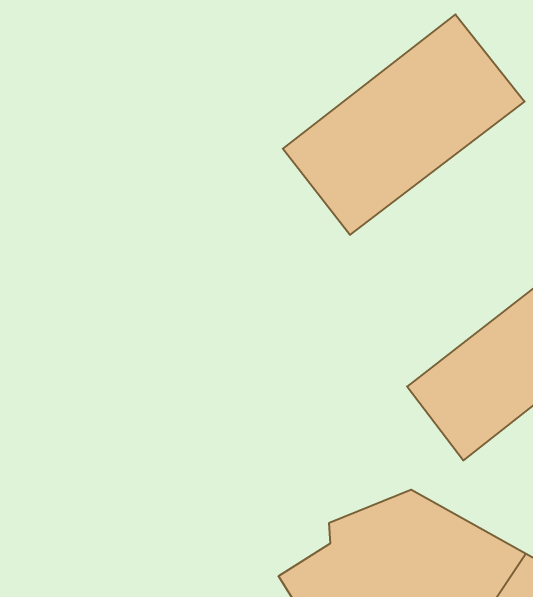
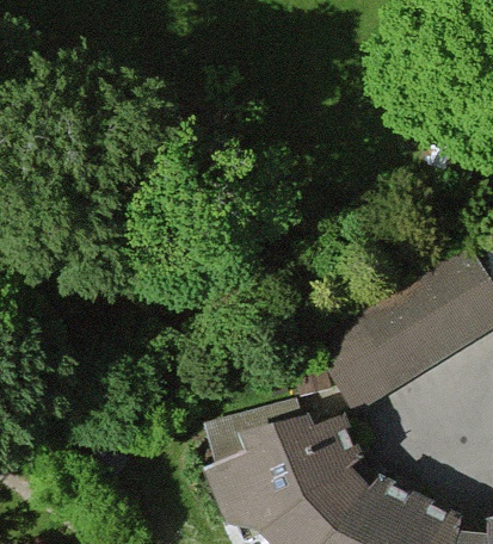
building: [283,14,525,235] -> none

